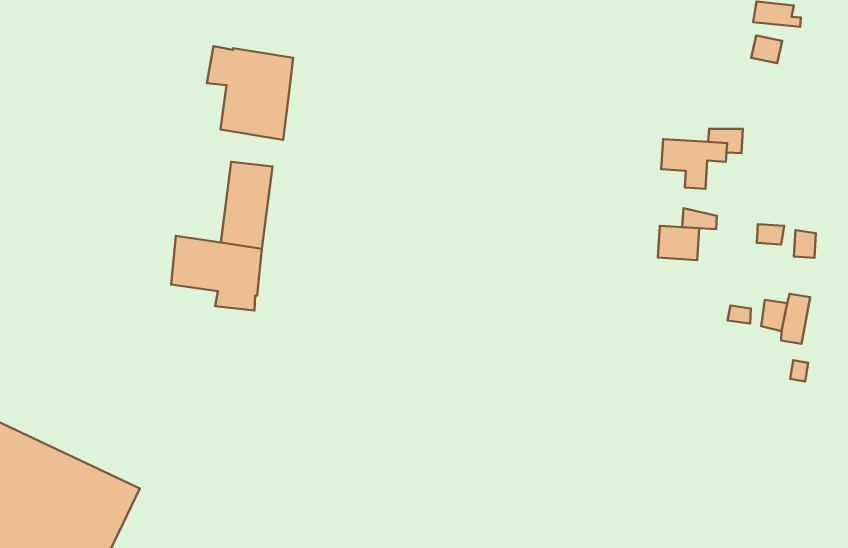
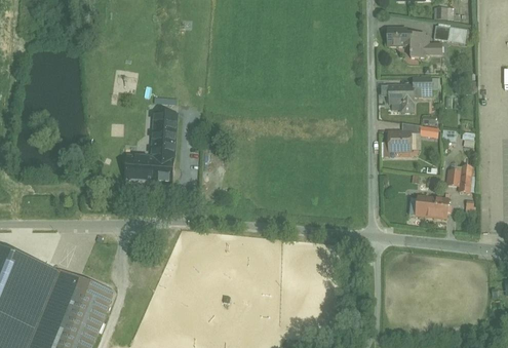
building: none -> [386,28,440,57]
building: [207,46,293,140] -> none
building: none -> [415,193,447,218]

